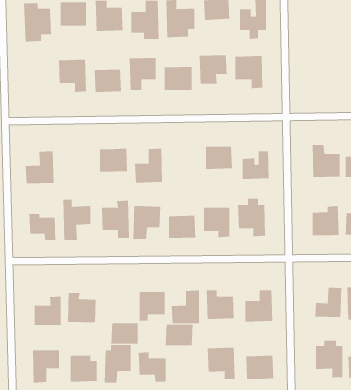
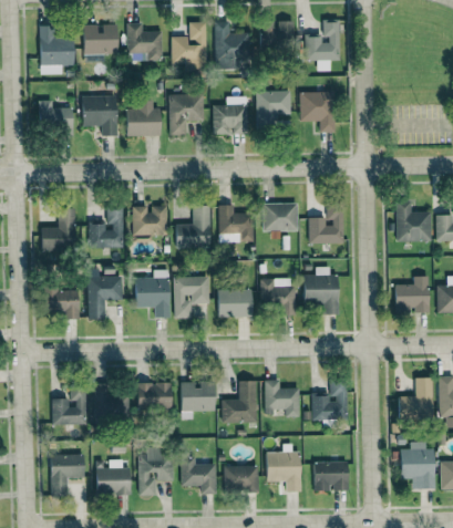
building: none -> [39,100,73,131]
building: none -> [219,205,254,242]
building: none -> [90,209,124,248]
building: [111,323,138,344] -> [137,383,172,410]
building: [165,324,194,346] -> [224,465,259,491]

